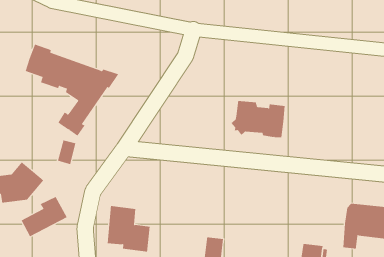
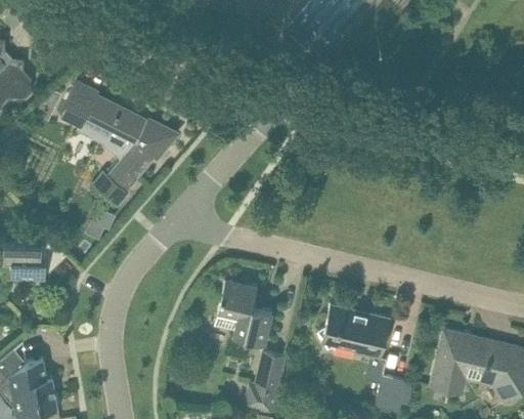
building: [231,100,285,138] -> [318,305,390,360]
building: [21,196,67,237] -> none
building: [107,206,150,252] -> [215,280,272,344]

